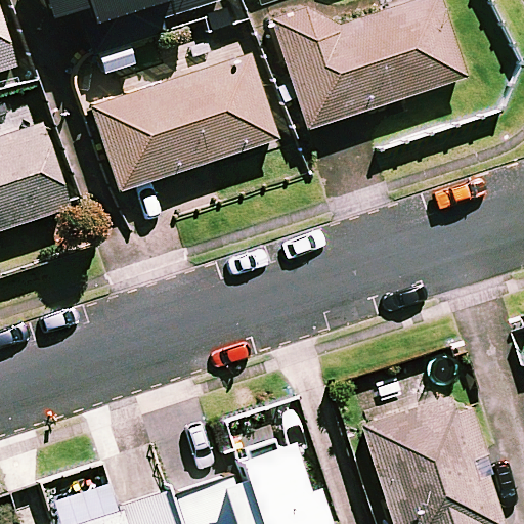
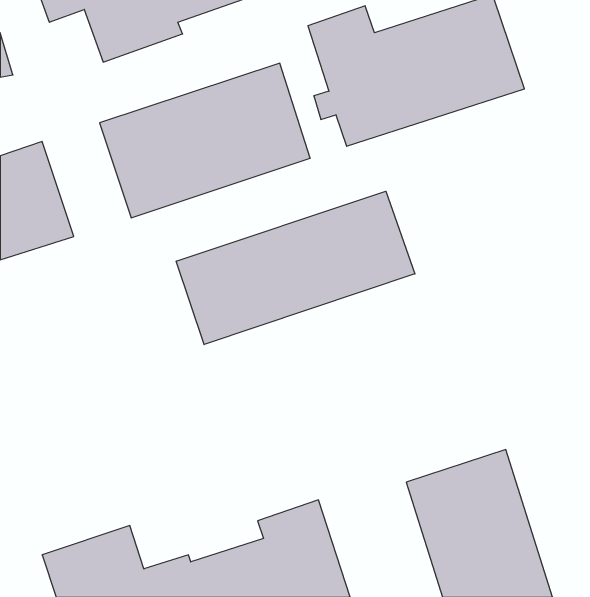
building: none -> [176,191,415,345]

